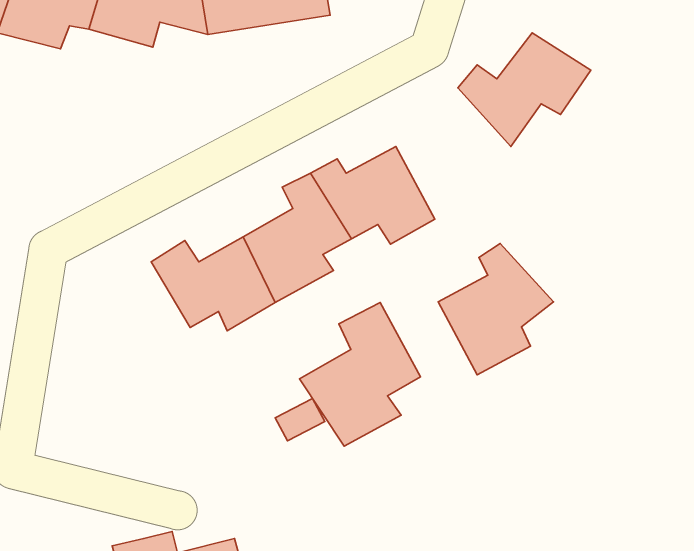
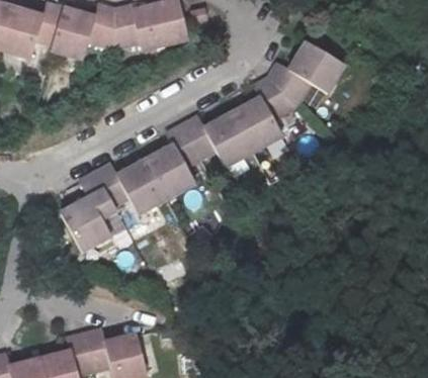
building: [438,243,553,375] -> [231,77,296,152]
building: none -> [55,176,120,255]
building: [299,303,420,446] -> none

